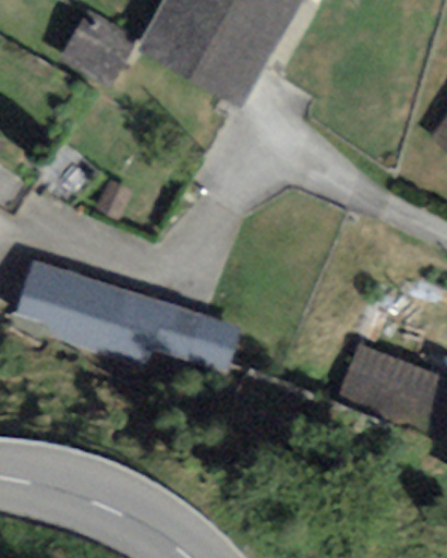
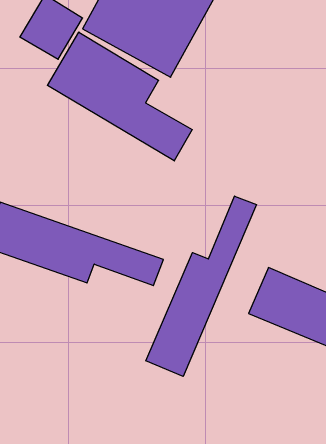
building: none -> [47,32,192,161]
building: none -> [146,196,257,376]

